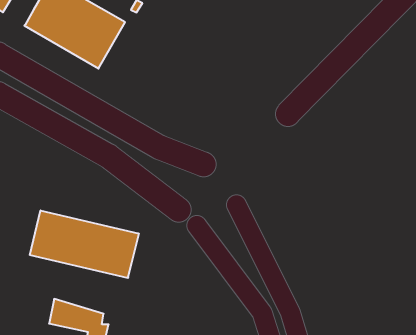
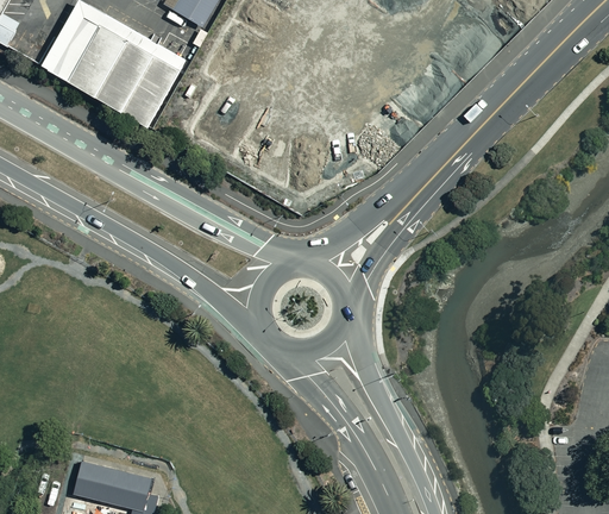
building: [30,210,139,278] -> none

